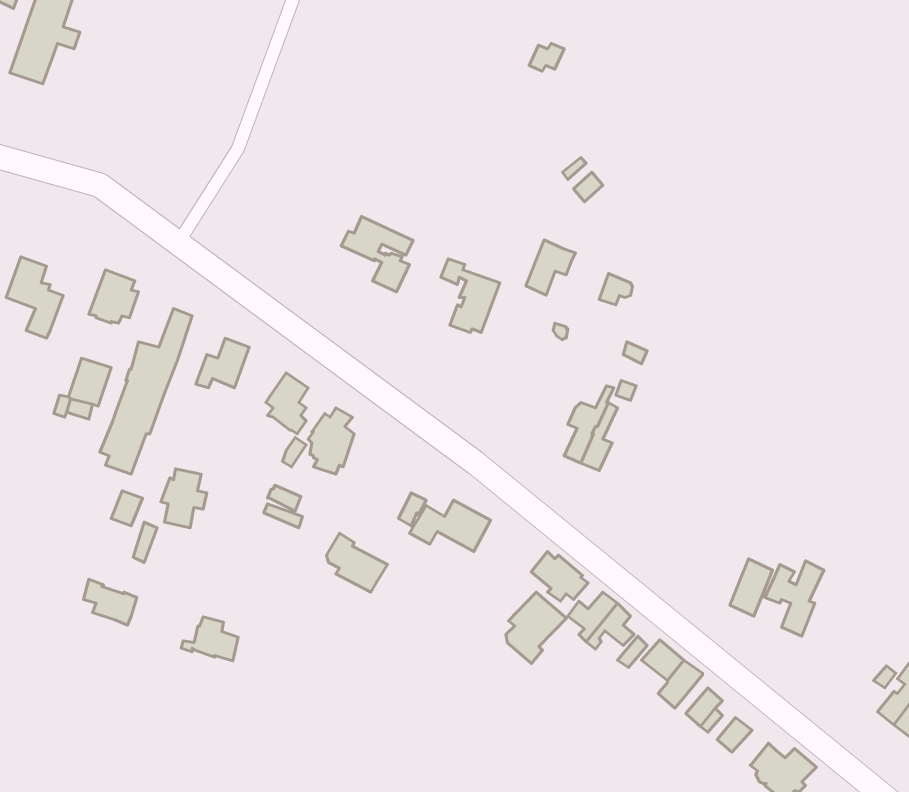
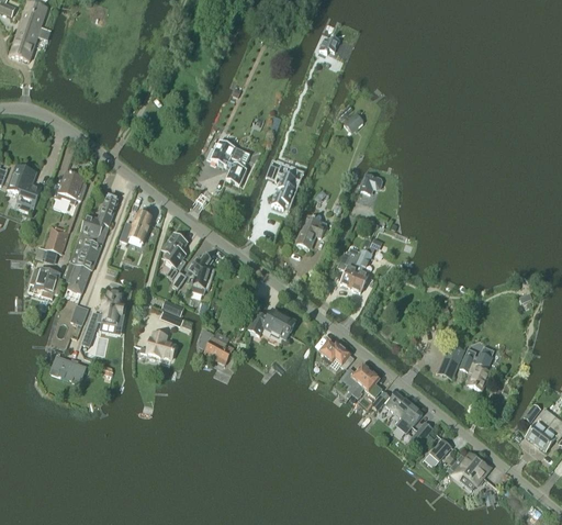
building: [526,240,575,295] -> [296,215,326,248]
building: none -> [30,267,63,298]
building: [506,592,566,664] -> none
building: [181,617,238,661] -> [140,332,175,358]

